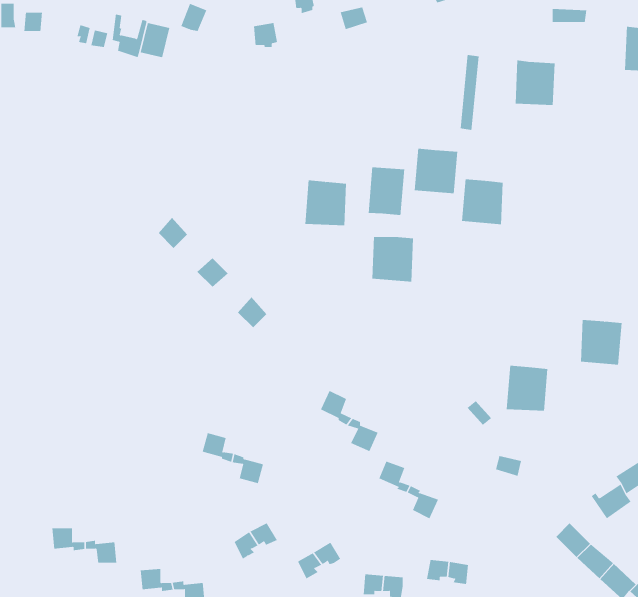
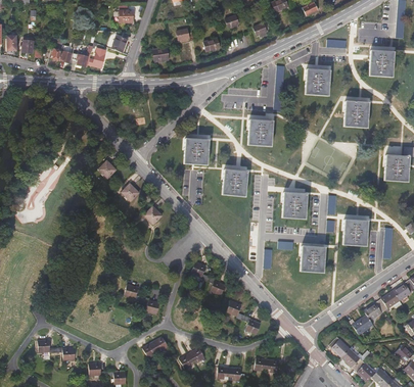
building: none -> [344,101,369,127]
building: [368,166,405,216] -> none
building: [461,179,504,225] -> [282,192,307,219]

